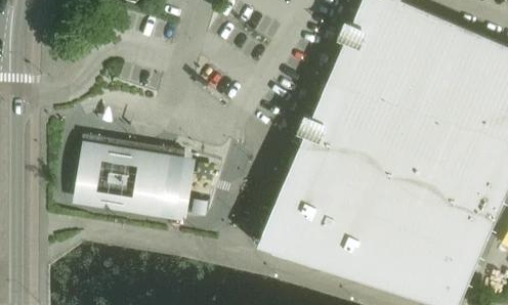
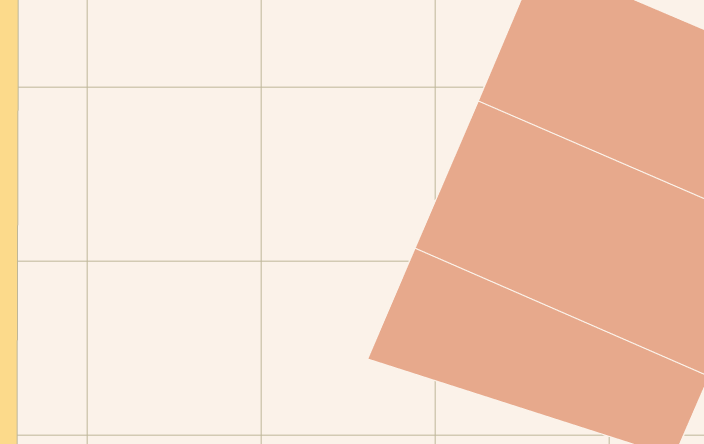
building: [71,136,184,214] -> none

